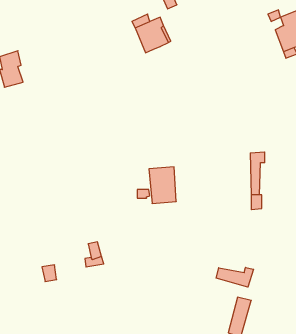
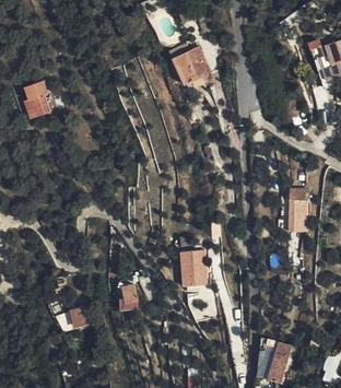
building: [149,167,176,203] -> [180,247,209,285]
building: [216,267,254,287] -> none

